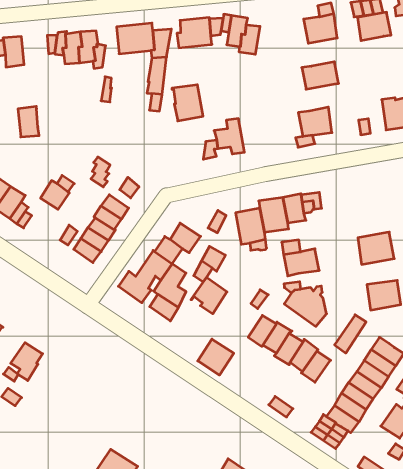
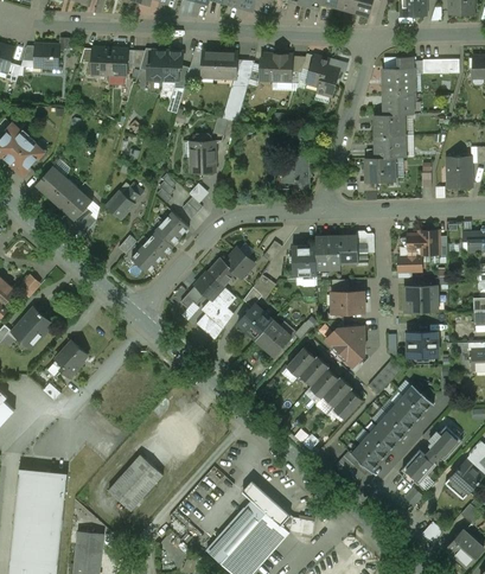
building: [358,12,391,41] -> [383,91,413,115]
building: none -> [375,135,403,158]
building: [172,85,203,121] -> [189,141,215,173]
building: [18,106,39,137] -> [108,47,127,76]
building: none -> [397,231,439,272]
building: [198,339,234,375] -> [255,320,291,356]

